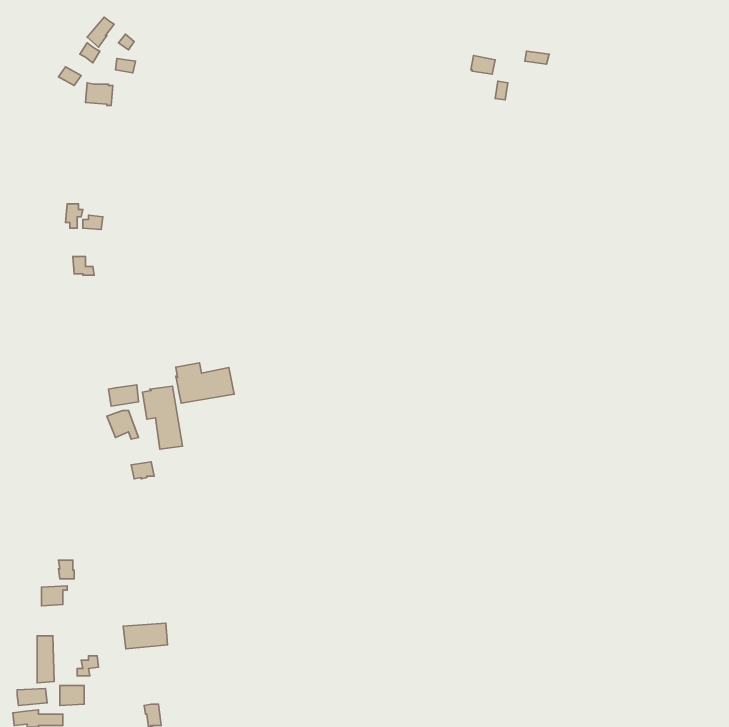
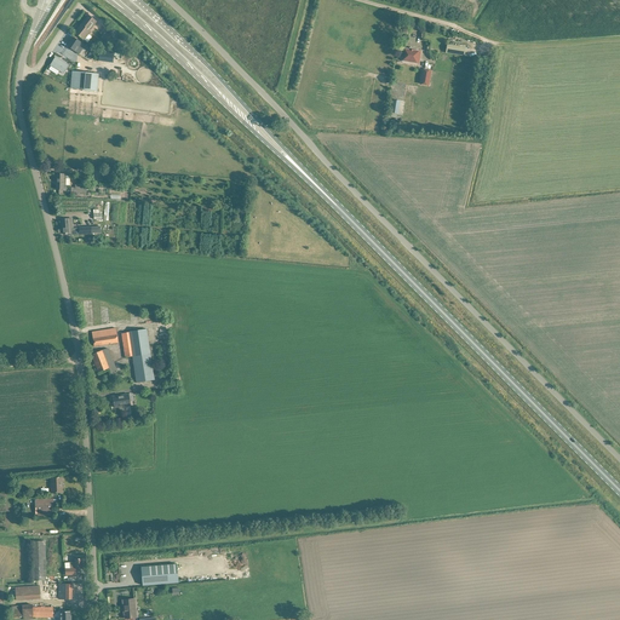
building: [176,363,234,403] -> none
building: [123,623,167,649] -> [140,563,178,585]

